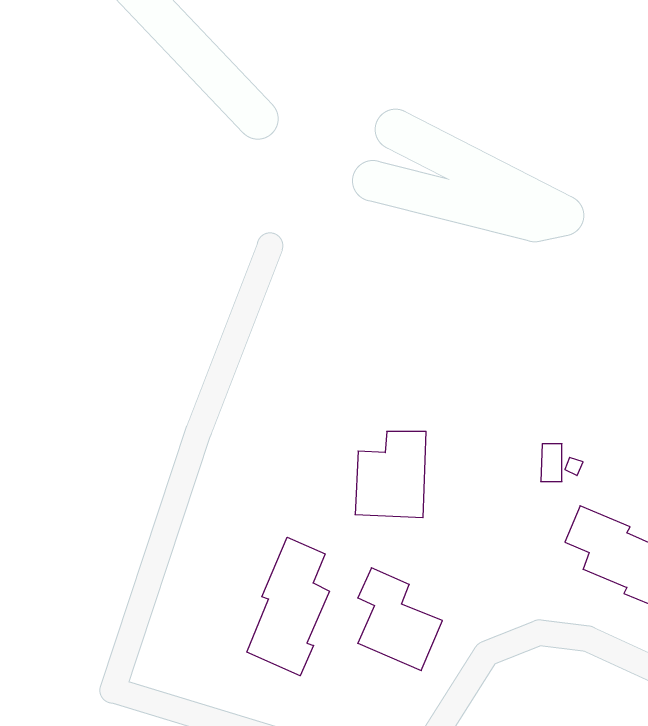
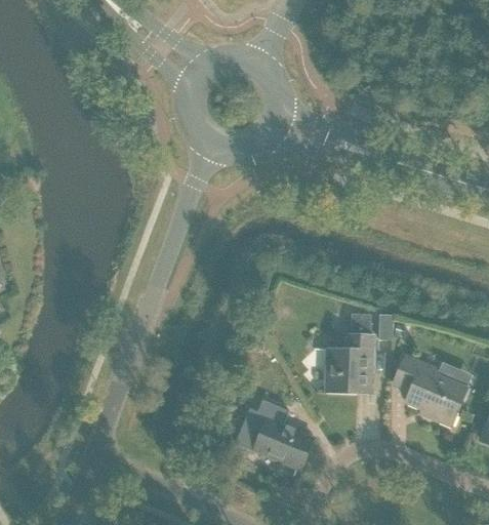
building: [355,431,426,518] -> [323,334,371,393]
building: [247,537,330,676] -> none

